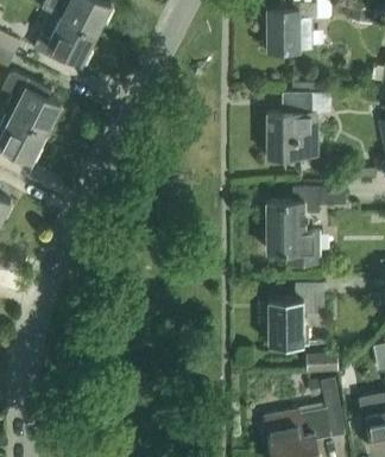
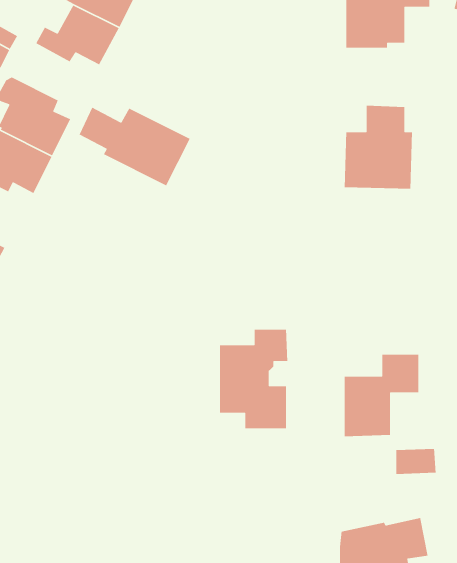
building: none -> [78,107,191,186]
building: [269,189,321,265] -> [219,329,288,429]

